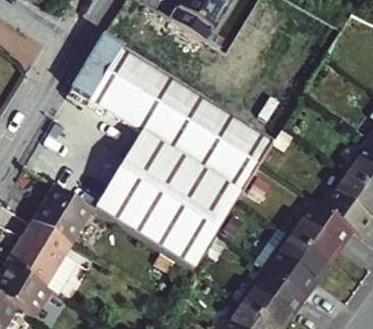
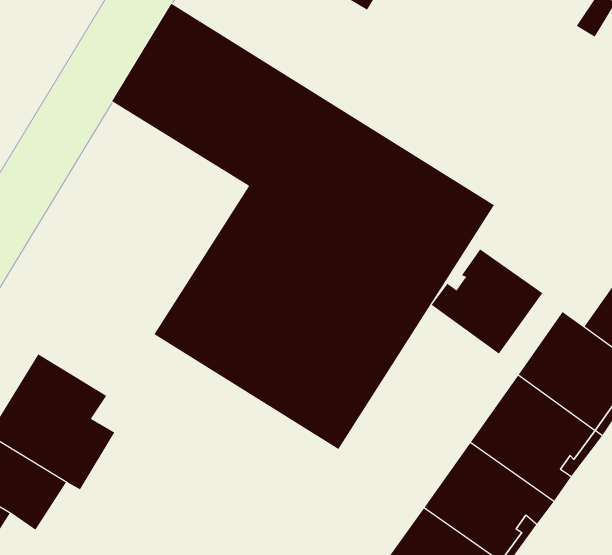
building: none -> [431,249,543,354]
building: [32,183,90,241] -> none

